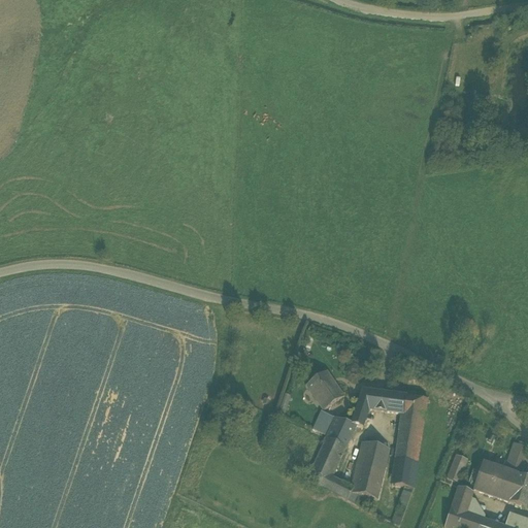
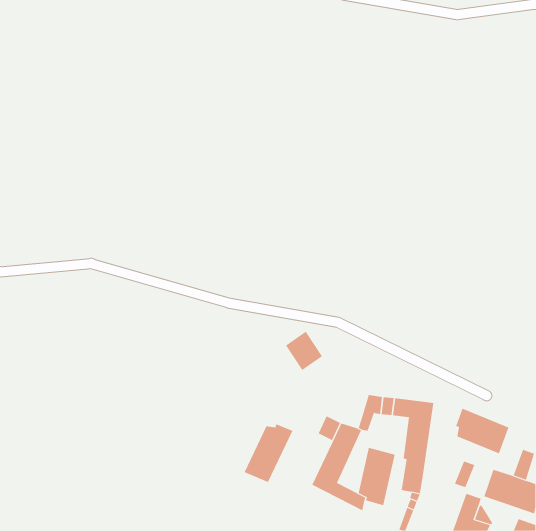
building: [306,368,343,407] -> [285,331,323,371]
building: none -> [455,408,509,454]
building: none -> [244,423,293,483]

